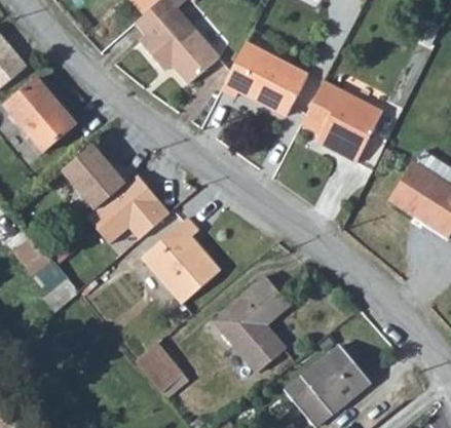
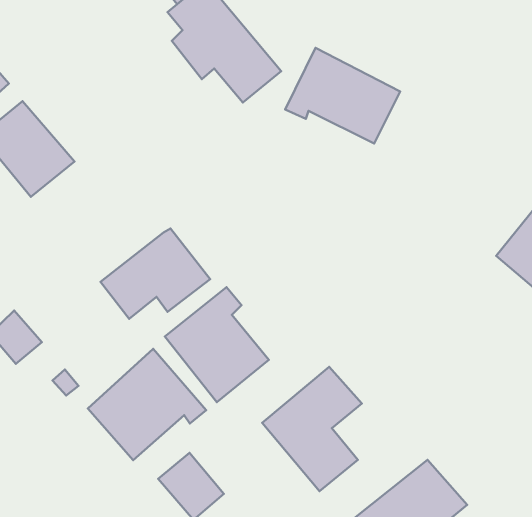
building: [308,83,390,165] -> none
building: [68,144,138,208] -> none
building: none -> [88,349,206,460]

